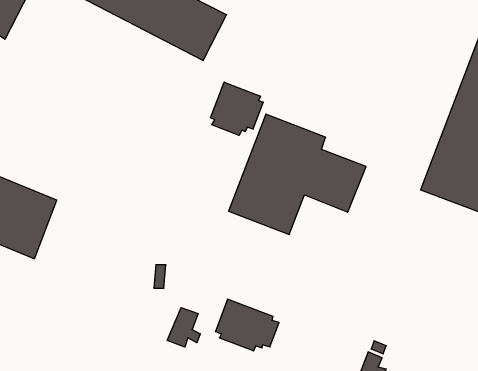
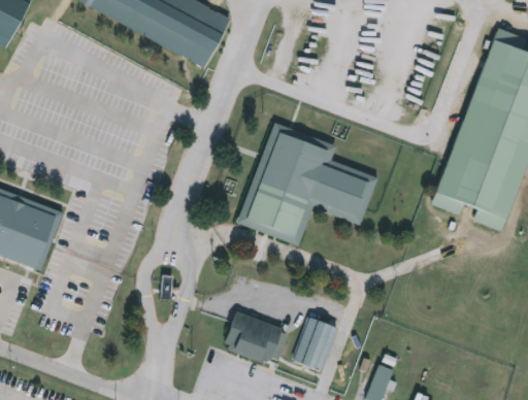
building: [210,82,263,135] -> none
building: none -> [293,318,338,372]
building: [167,308,200,347] -> none

